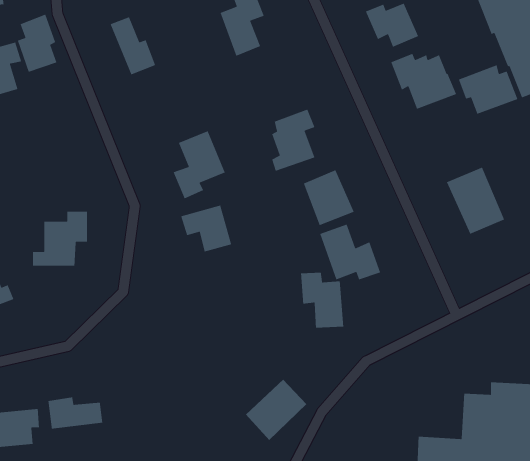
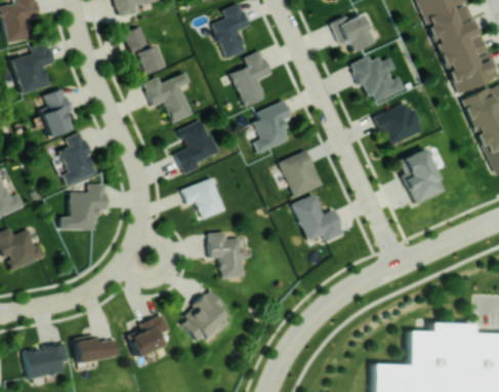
building: [17,14,57,73] -> [39,88,72,136]
building: none -> [231,50,271,108]
building: [458,64,519,115] -> [374,104,423,145]
building: none -> [142,73,191,123]
building: none -> [57,132,97,185]
building: [300,272,344,329] -> [207,232,243,278]
building: none -> [128,315,168,356]
building: [245,379,307,441] -> [177,292,227,343]

